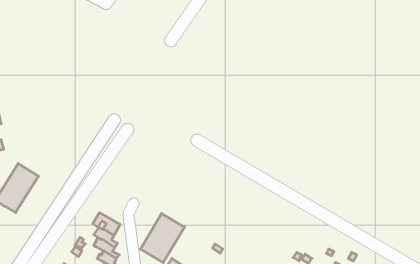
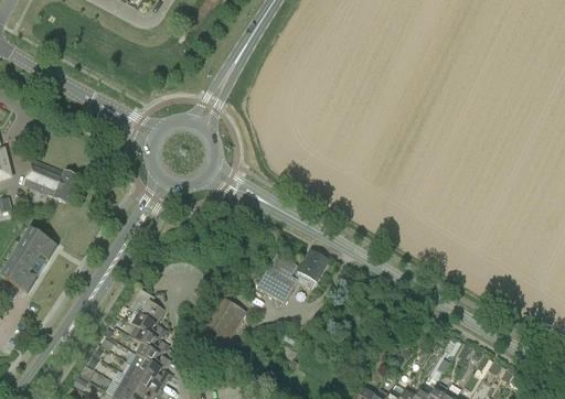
building: none -> [23,160,77,203]
building: none -> [257,251,328,303]

